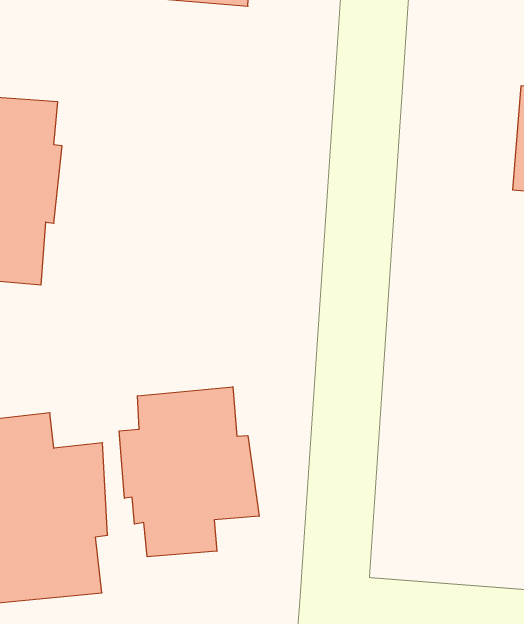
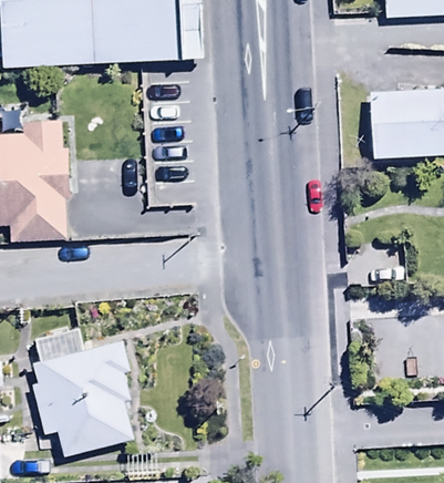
building: [119,387,259,557] -> none

